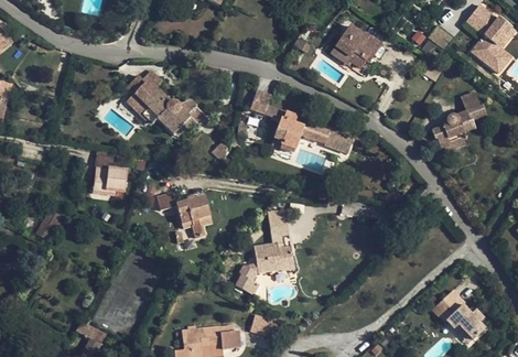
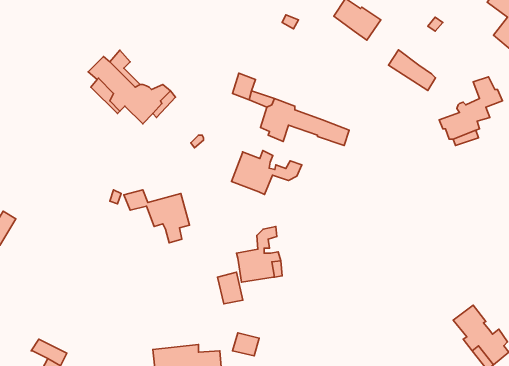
building: [330,40,370,75] -> [389,50,435,90]
building: none -> [231,150,302,195]
building: [93,166,127,194] -> none

